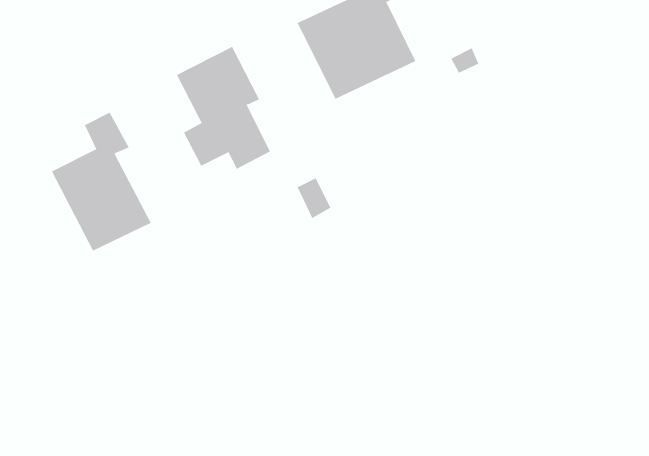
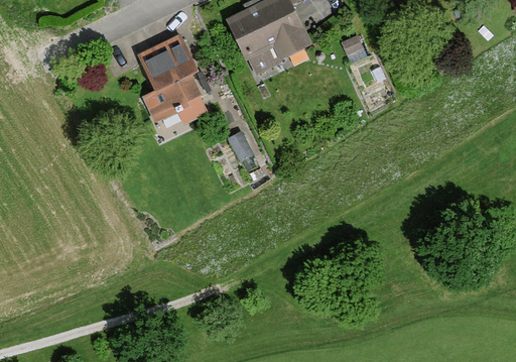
building: [51,112,151,252] -> none

